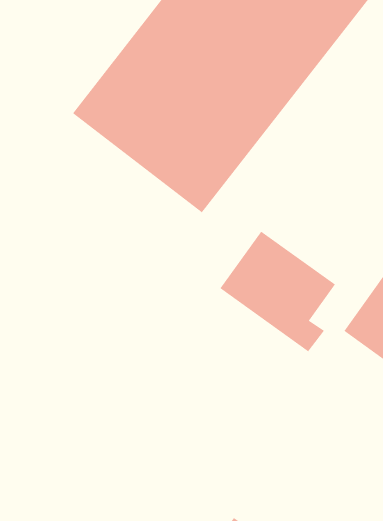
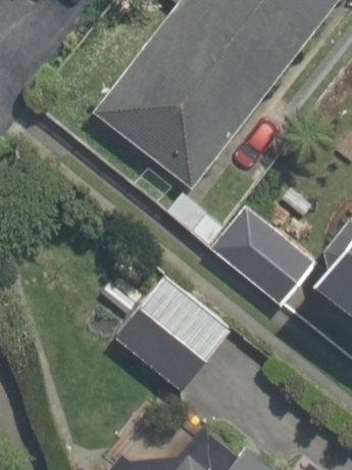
building: none -> [117,273,234,390]

